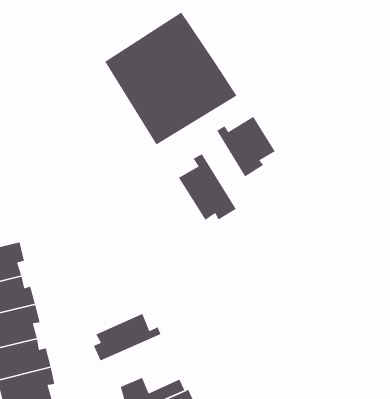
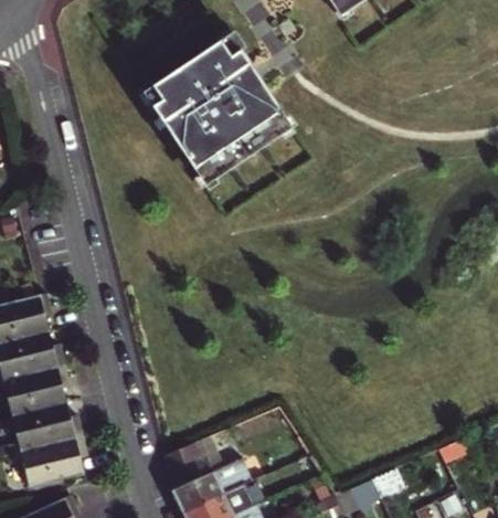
building: [216,116,276,177] -> none
building: [178,153,237,221] -> none
building: [93,313,161,362] -> none

